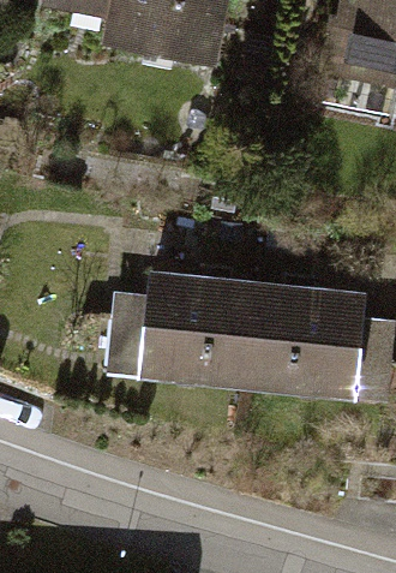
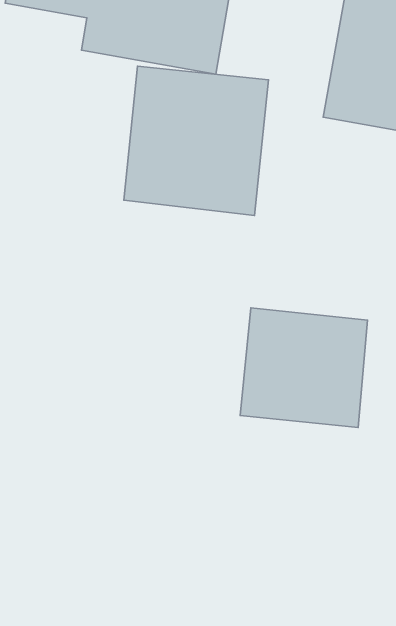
building: none -> [124,66,268,216]
building: [137,270,251,377] -> none

